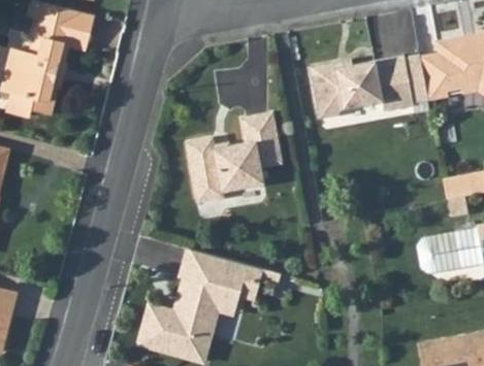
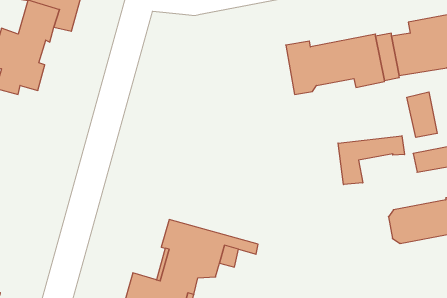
building: [187,111,283,203] -> none
building: none -> [407,92,437,137]
building: none -> [338,136,404,185]

